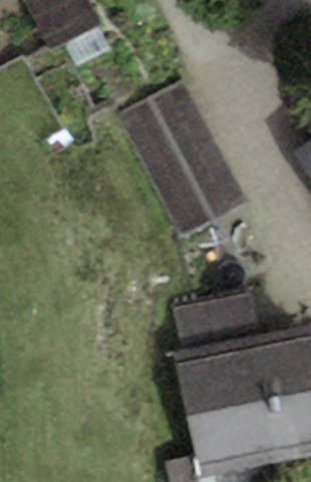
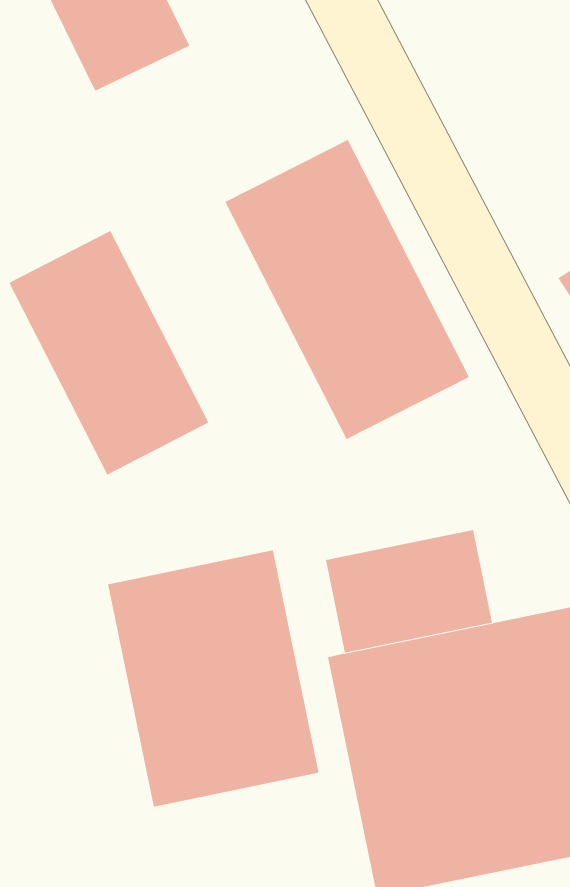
building: none -> [8,230,209,476]
building: none -> [107,549,319,808]

